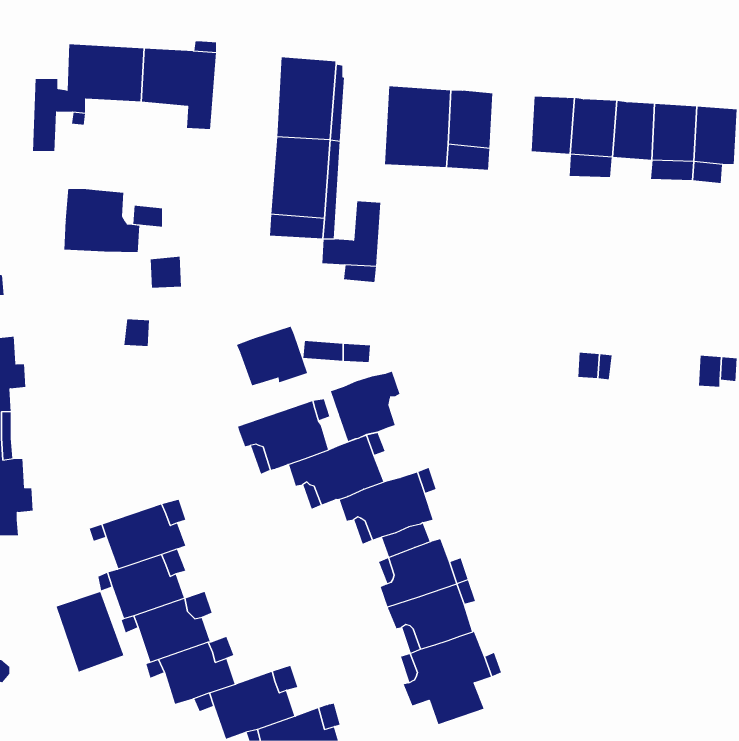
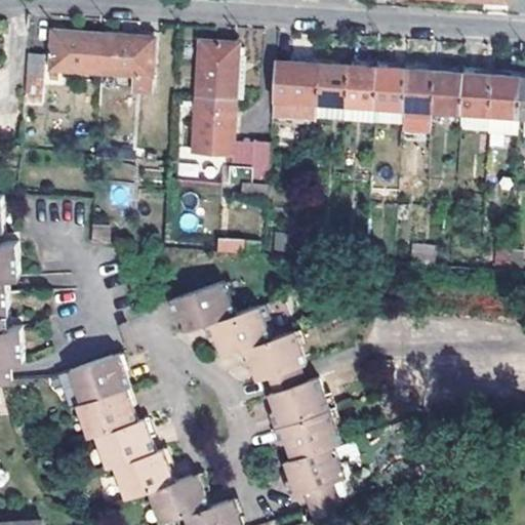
building: none -> [346,66,376,107]
building: [64,188,140,253] -> none
building: [236,326,308,386] -> none
building: [330,371,400,442] -> none
building: [56,591,124,673] -> none

